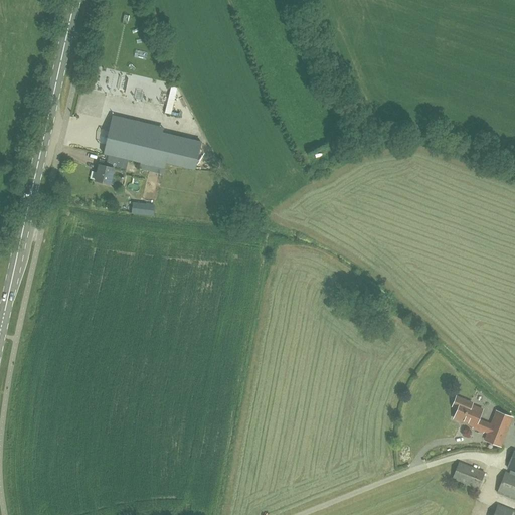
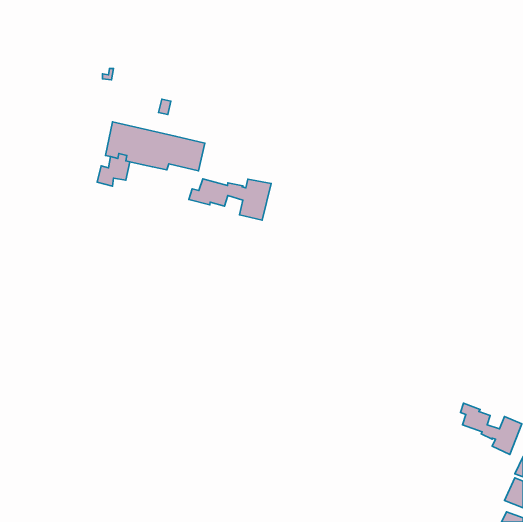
building: none -> [189,179,271,220]
building: [452,461,485,488] -> none

